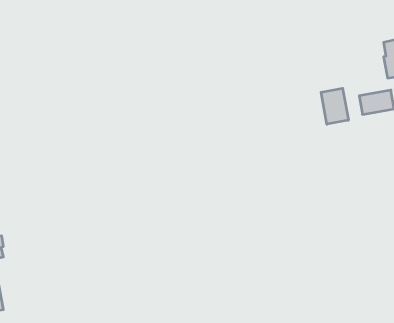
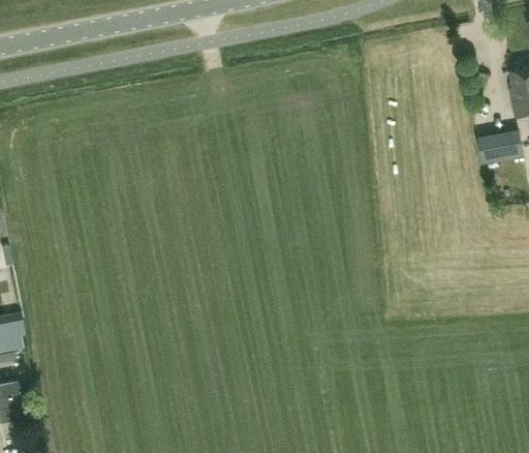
building: [321,88,348,124] -> none

